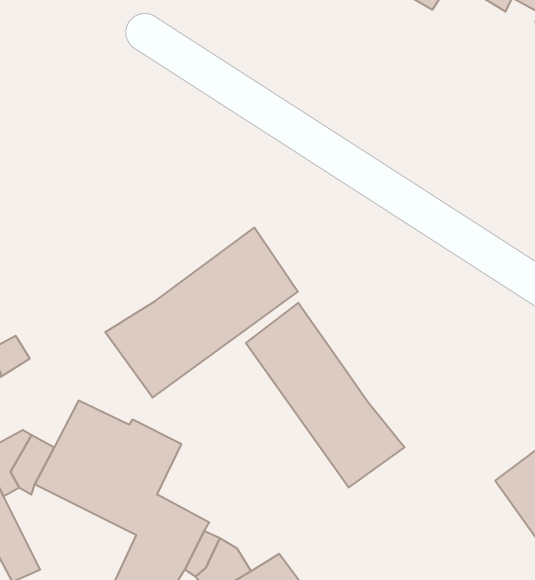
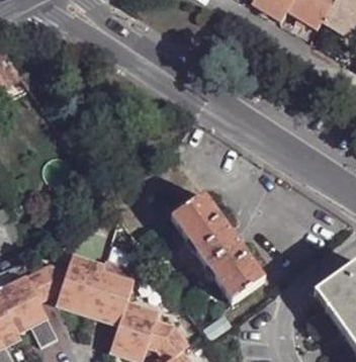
building: [105,228,298,398] -> none

